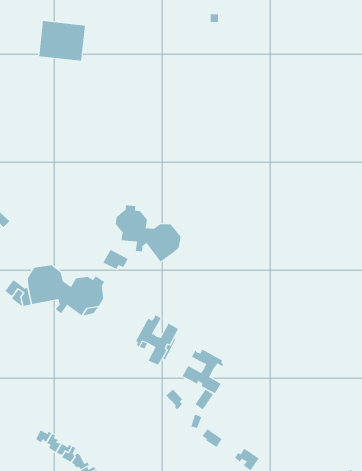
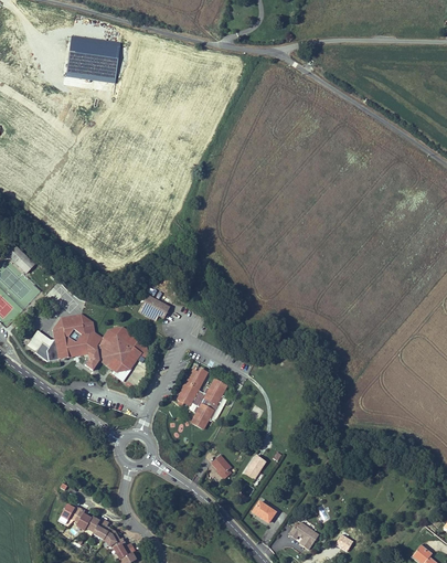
building: [115,204,181,263] -> none
building: [182,349,224,394] -> none

